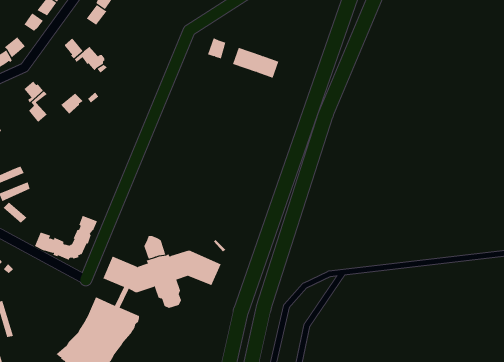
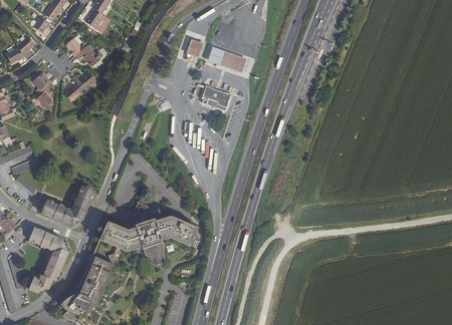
building: none -> [201,84,230,109]
building: none -> [28,227,66,292]

